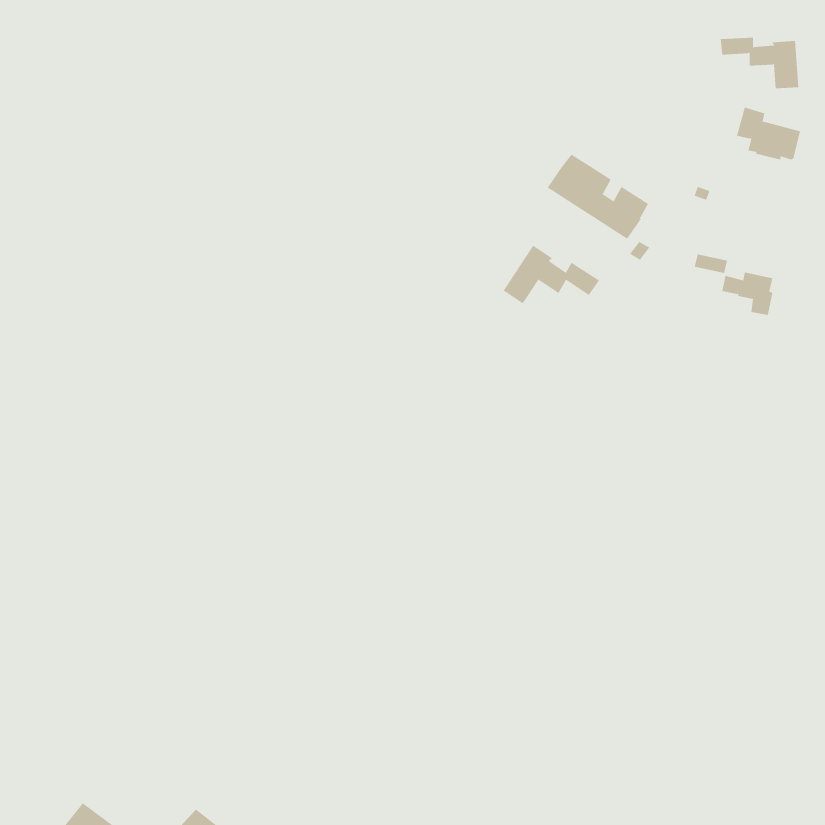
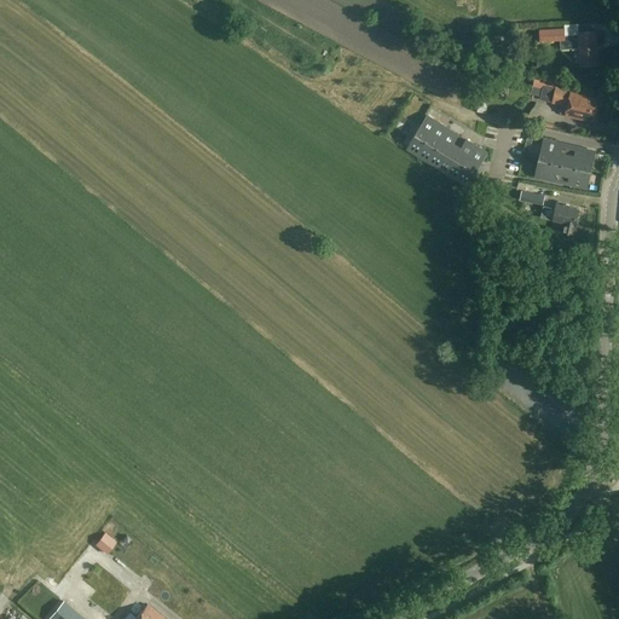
building: none -> [538,145,595,185]
building: [503,245,600,304] -> none

